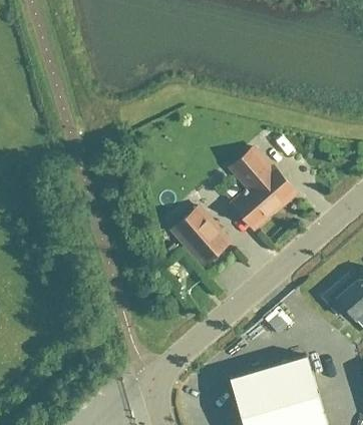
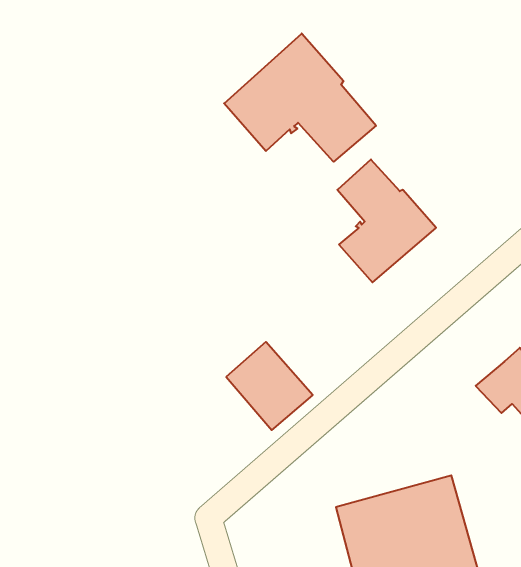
building: none -> [224,33,376,162]
building: [173,207,231,266] -> [226,342,313,430]

